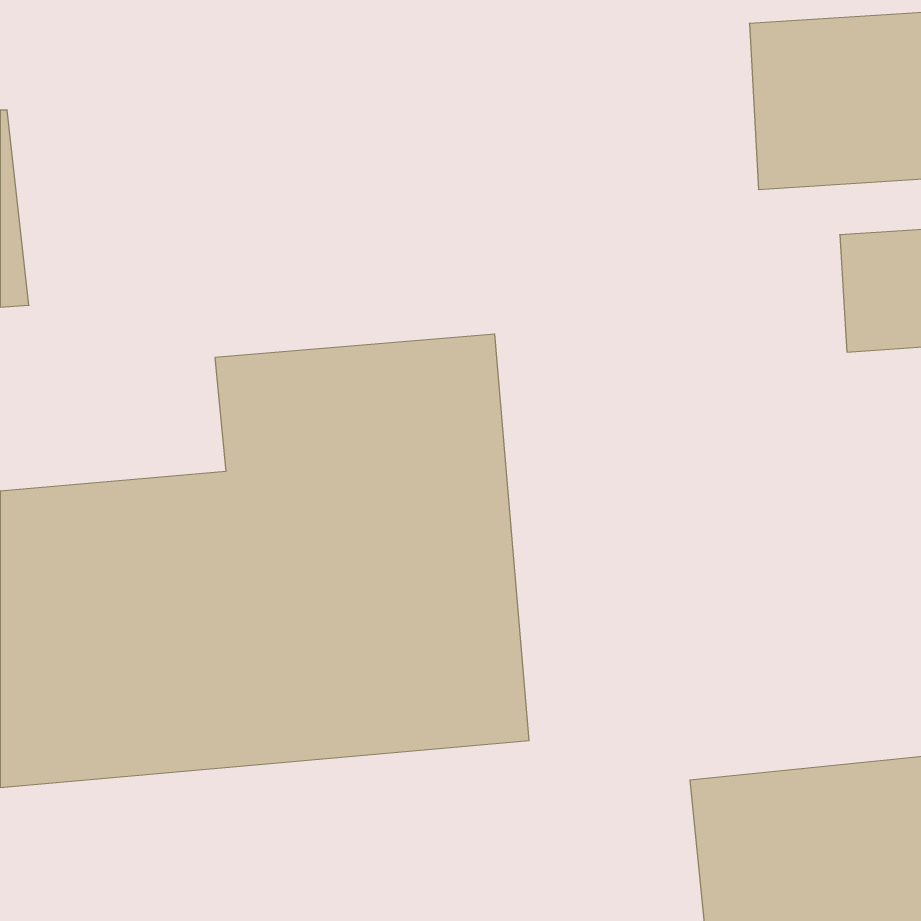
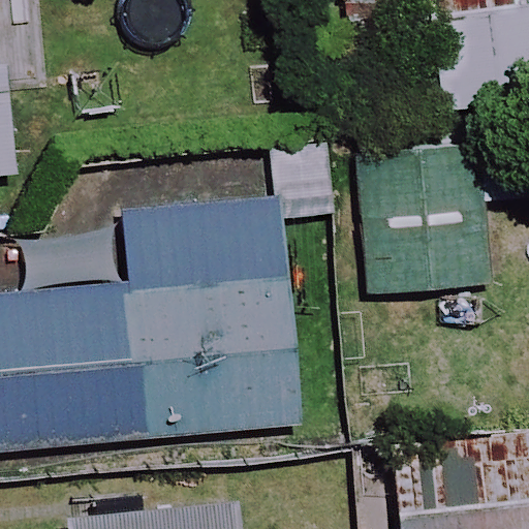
building: none -> [361,153,483,292]

